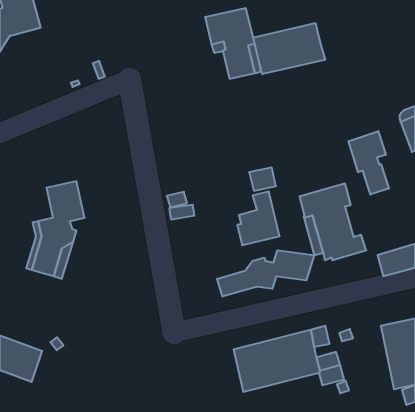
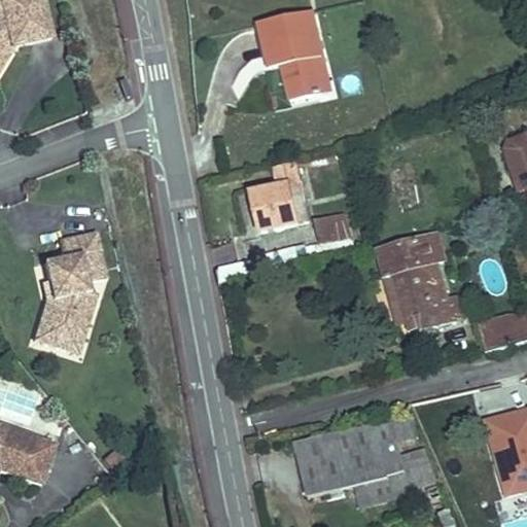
building: [253,23,325,74] -> none
building: [349,131,389,195] -> none
building: [237,192,280,245] -> [254,163,308,231]
building: [217,250,314,297] -> none

